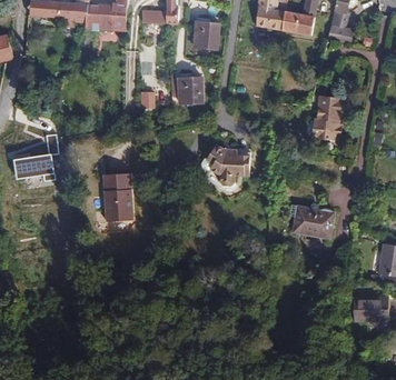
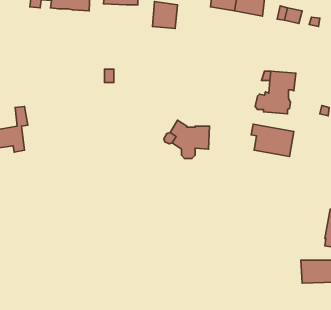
building: [171,77,204,103] -> none
building: [101,172,132,221] -> none
building: [289,203,335,238] -> [251,124,294,157]

